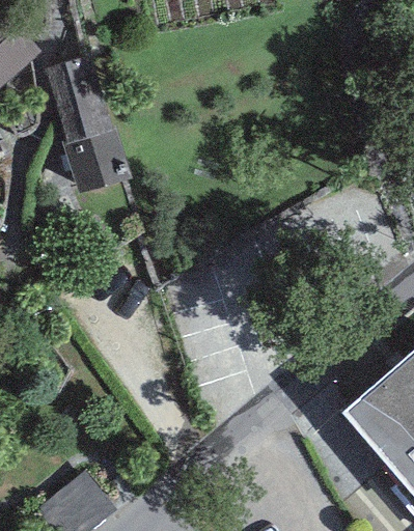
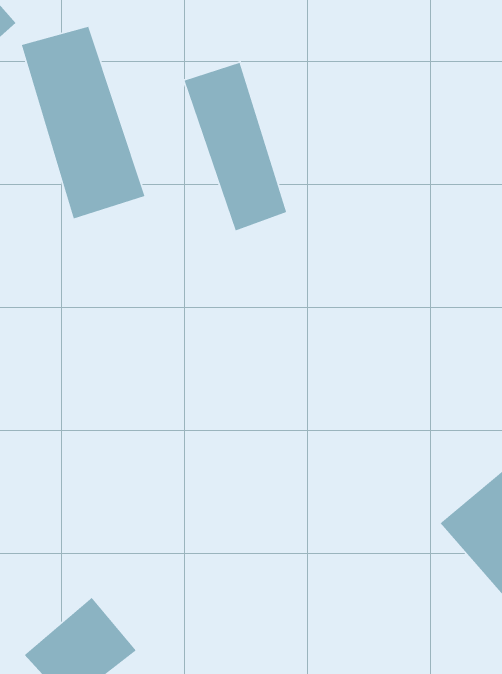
building: none -> [184,62,287,232]

